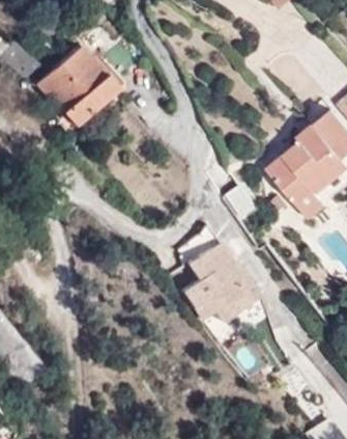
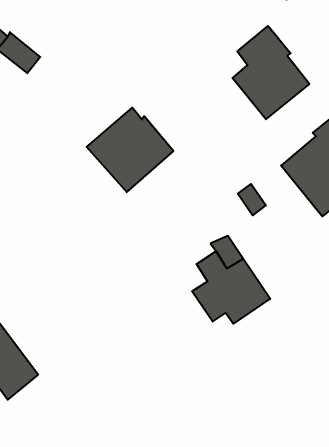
building: none -> [232,26,309,119]
building: [36,45,119,126] -> [87,108,173,192]

